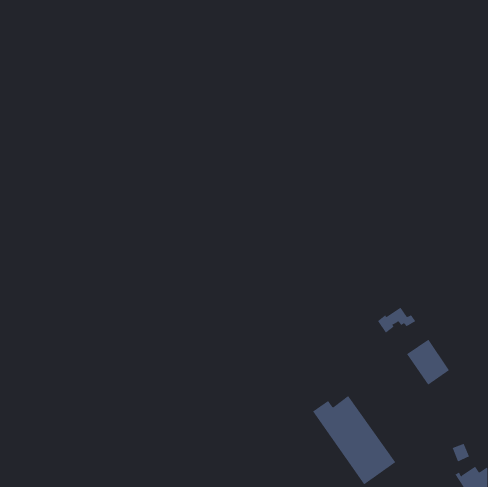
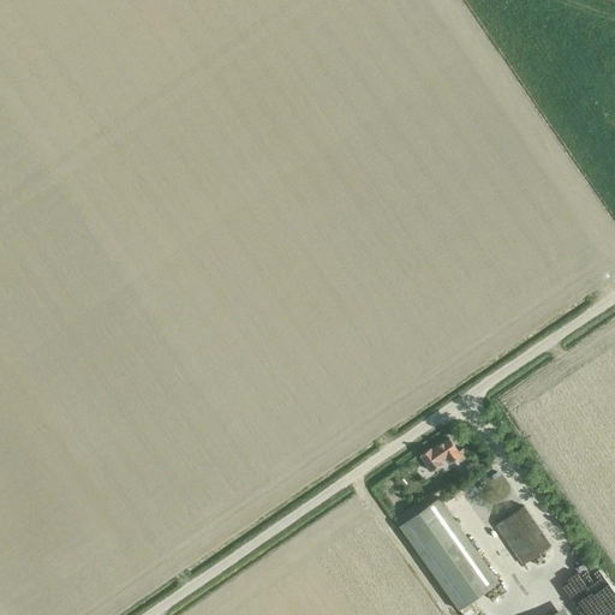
building: [377,307,416,334] -> [419,440,468,473]
building: [406,339,450,386] -> [495,507,550,566]

